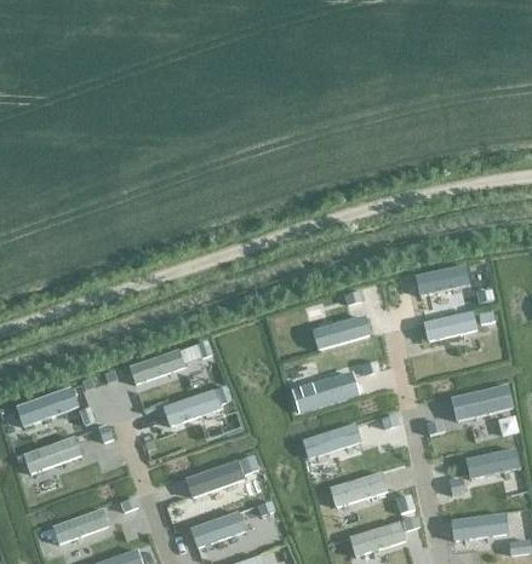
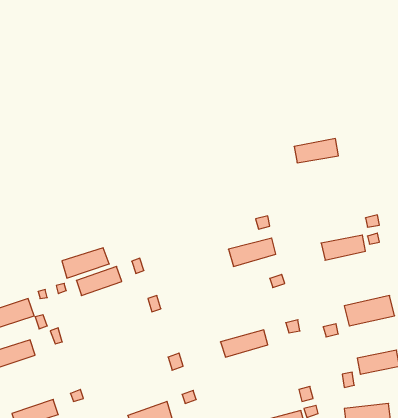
building: [416,264,469,293] -> [294,139,338,163]
building: [292,370,360,412] -> none
building: [164,390,221,426] -> [62,248,109,278]
building: [187,460,244,496] -> none
building: [330,472,388,506] -> none

